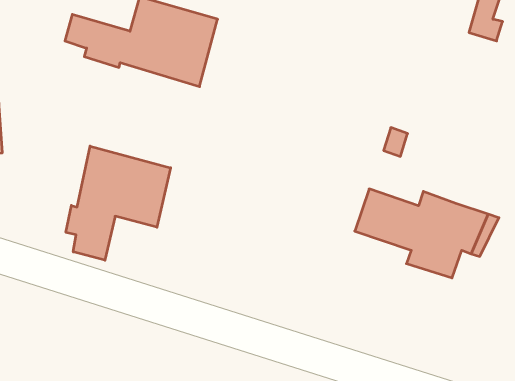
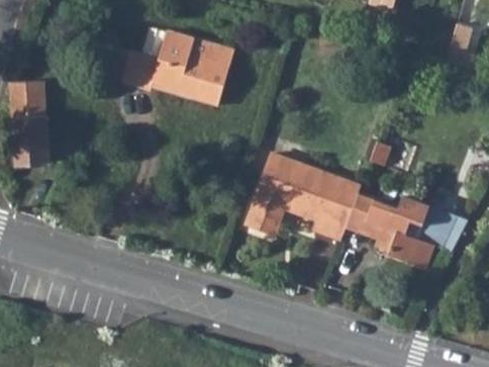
building: none -> [249,157,361,239]
building: [66,146,171,260] -> none

